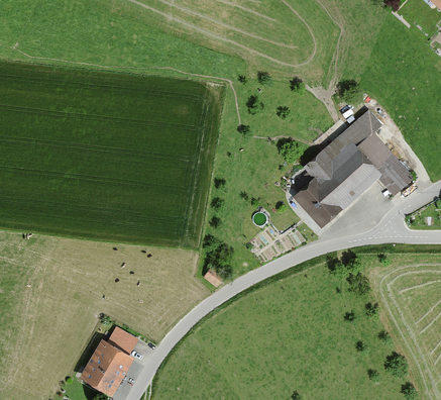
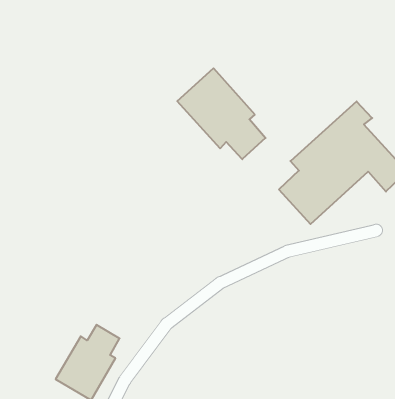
building: none -> [177,68,266,159]

